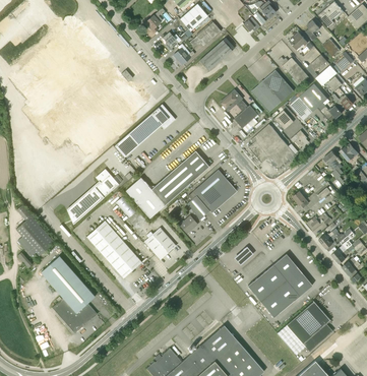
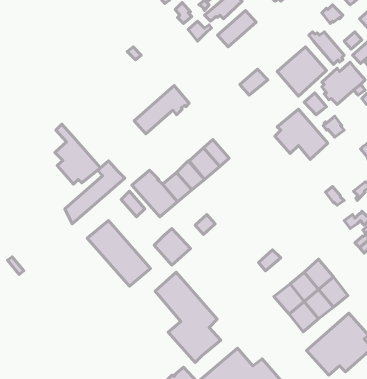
building: [233,105,258,132] -> none
building: [187,169,237,218] -> none
building: [15,204,55,256] -> [55,124,100,184]
building: [41,255,98,333] -> [155,272,221,363]

